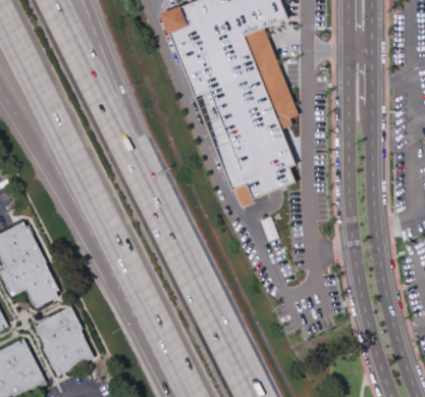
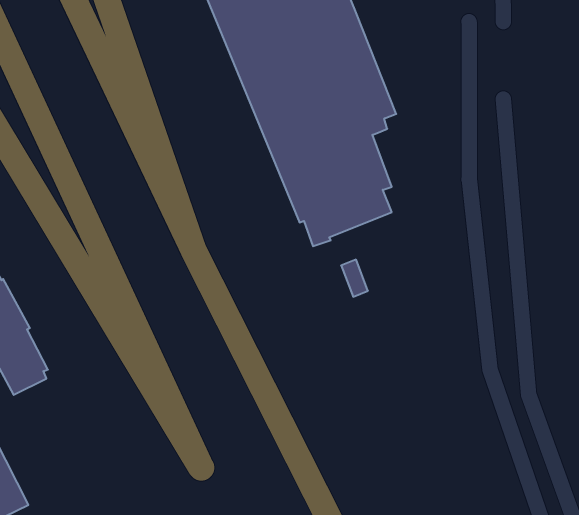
building: [33,305,94,376] -> none

